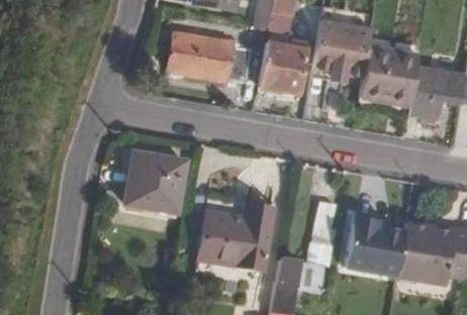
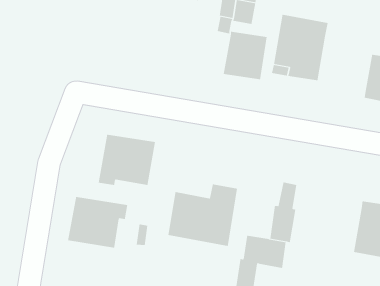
building: [168,32,252,81] -> none
building: [359,46,417,105] -> none
building: [345,214,404,276] -> none
building: none -> [68,196,128,248]

